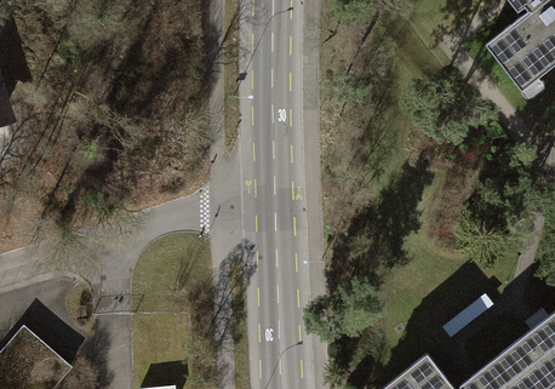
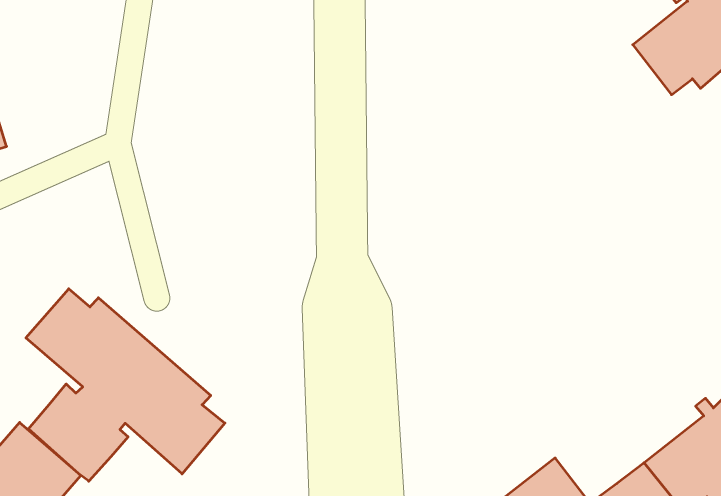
building: none -> [26,289,225,481]

